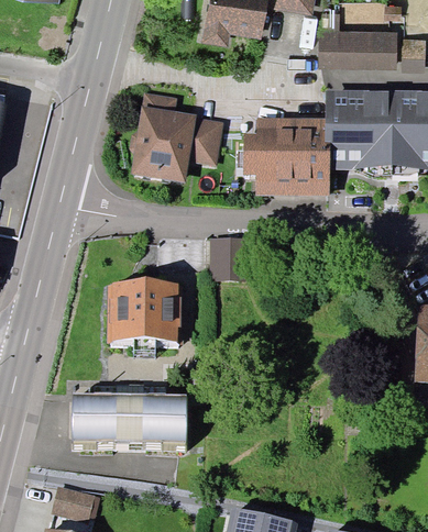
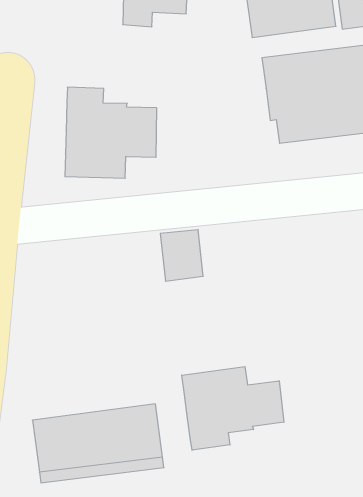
building: [244,118,331,195] -> none
building: [108,282,182,342] -> none
building: none -> [182,367,284,450]

